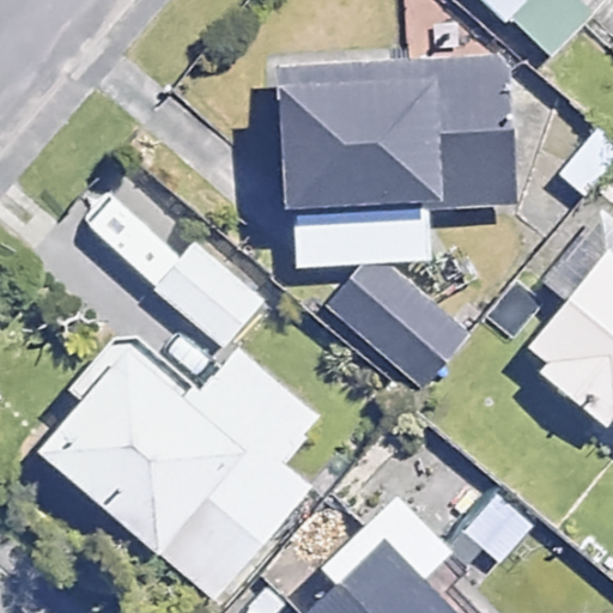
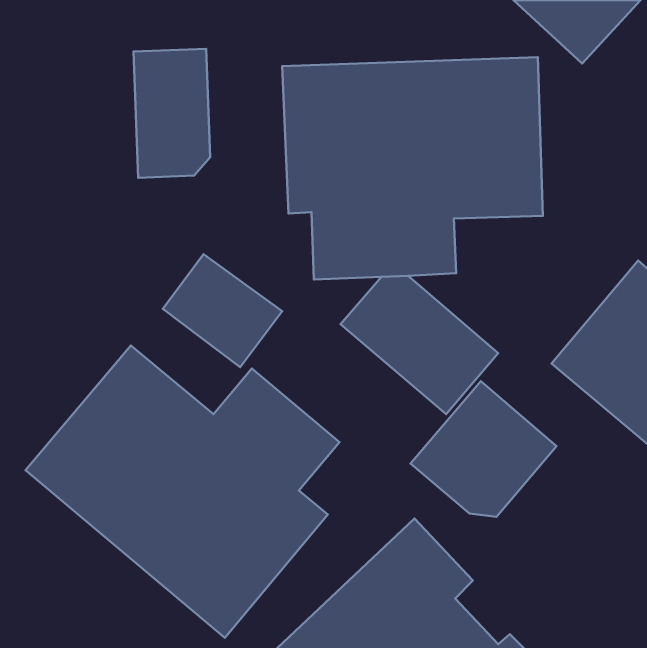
building: none -> [134,49,210,178]
building: none -> [411,381,557,517]

